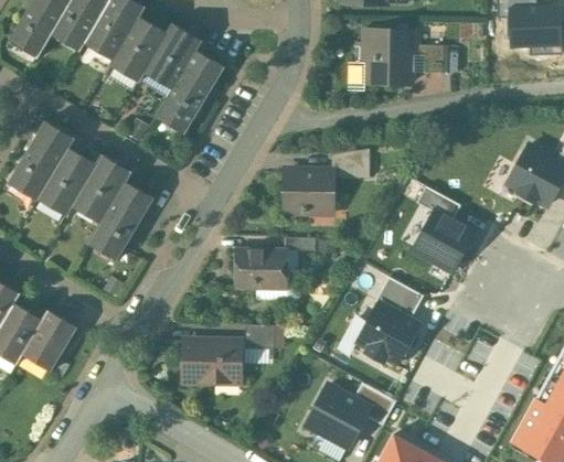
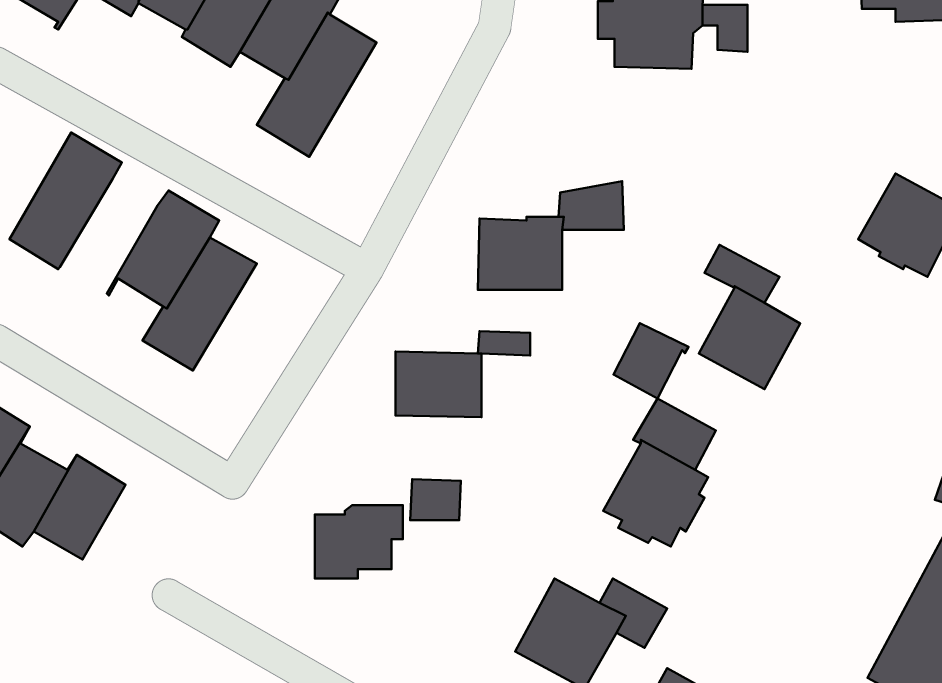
building: [38,148,95,215] -> none
building: none -> [614,323,688,398]

